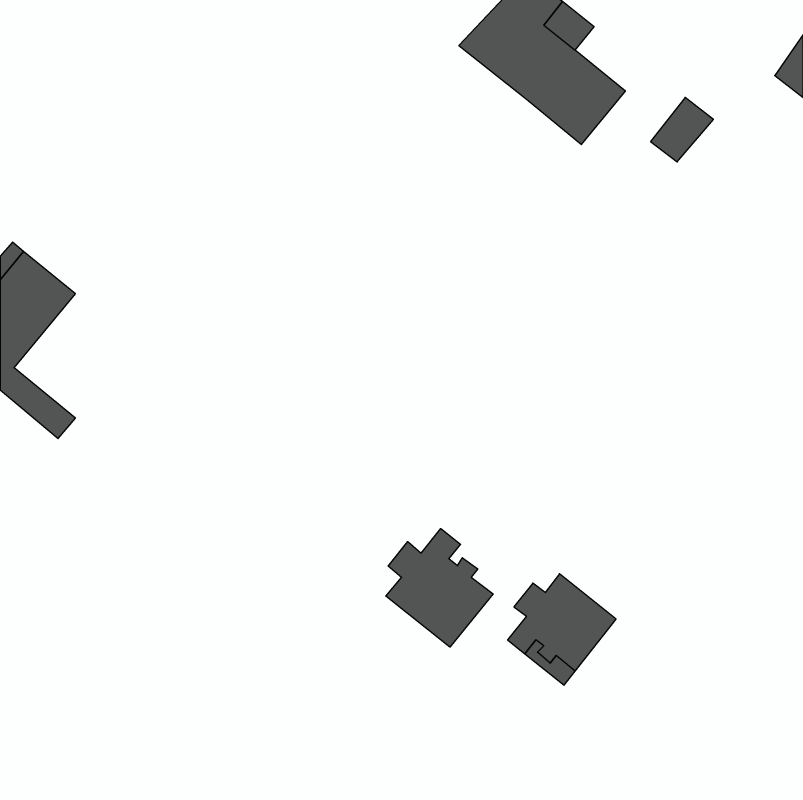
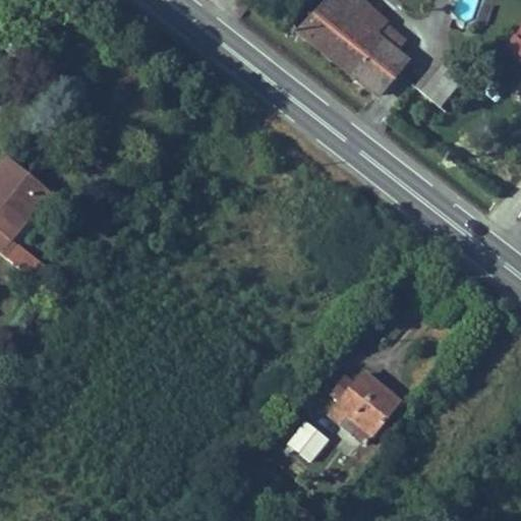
building: [386,529,493,647] -> none
building: none -> [288,421,328,461]

